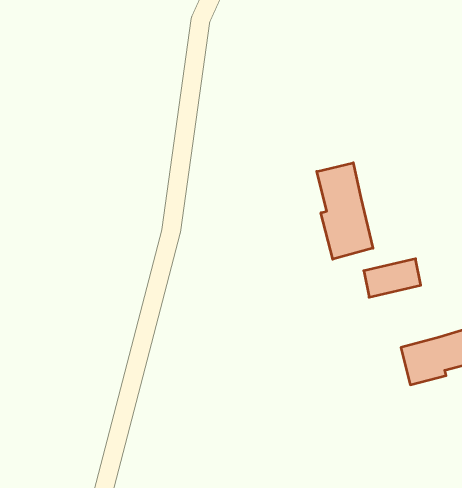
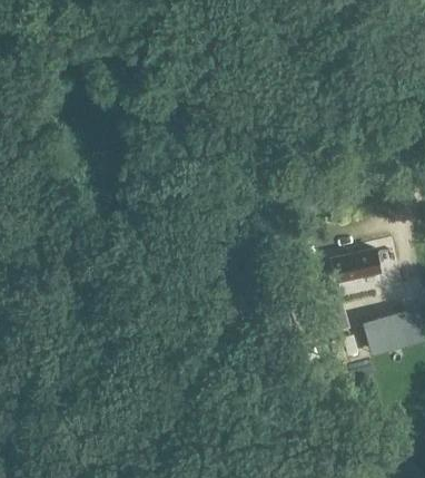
building: [317,163,373,259] -> none

